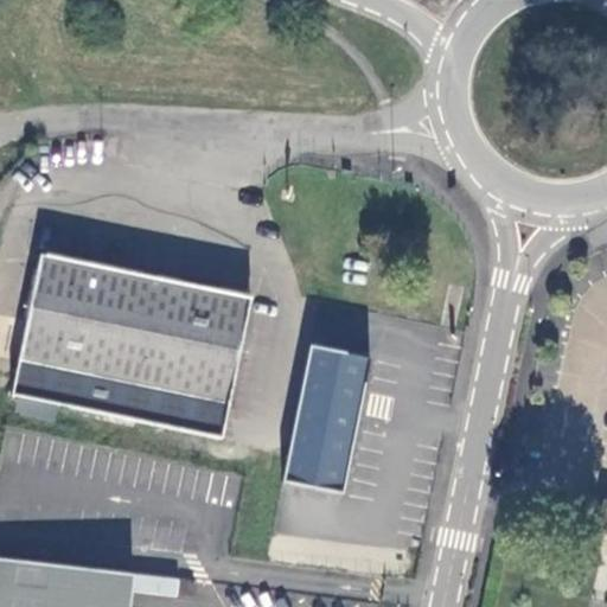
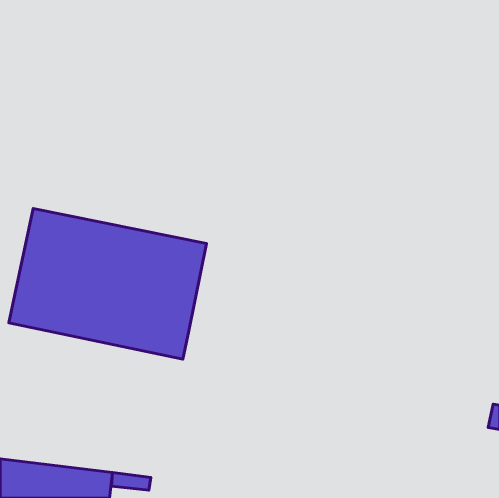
building: [282,344,371,492] -> none

